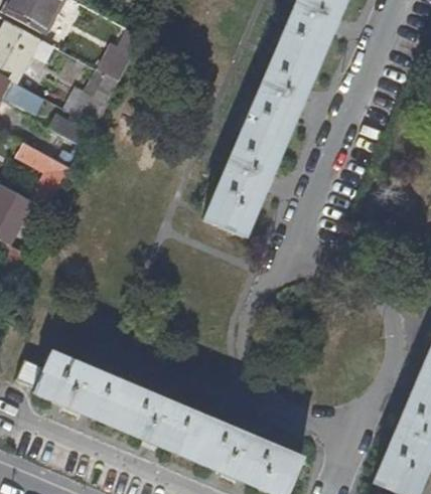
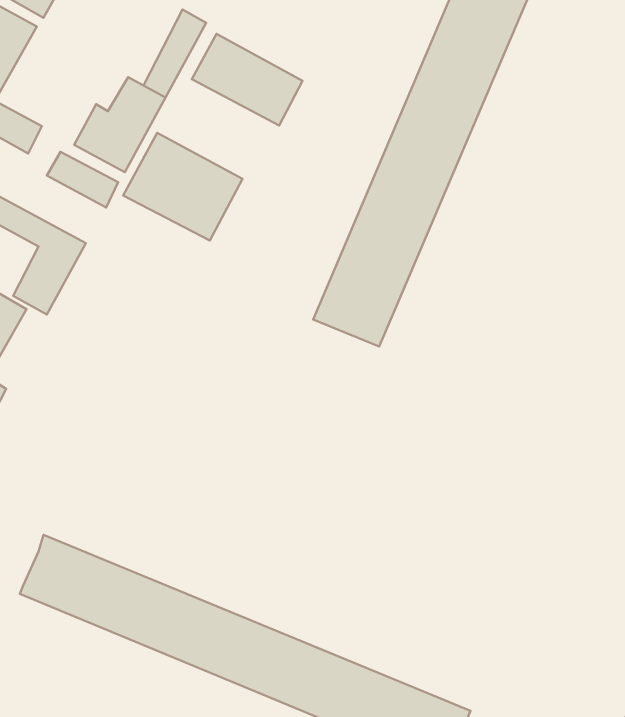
building: none -> [192,34,303,125]
building: none -> [123,133,242,241]

